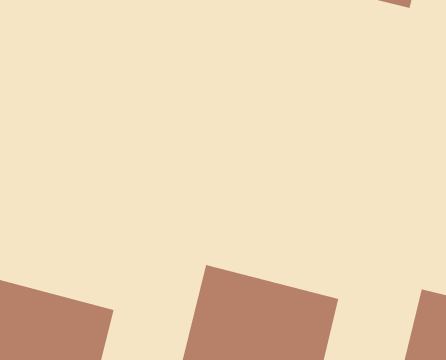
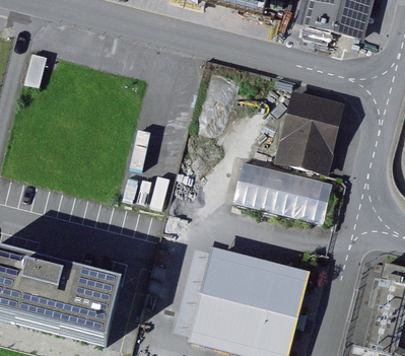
building: none -> [280,91,345,172]
building: none -> [233,157,334,221]

